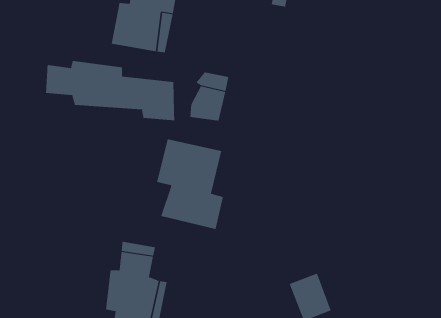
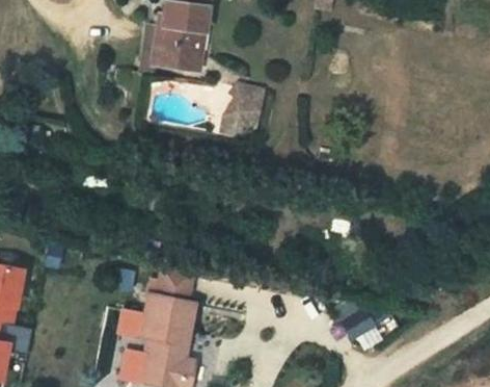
building: [46,60,175,121] -> none
building: [156,138,223,230] -> none

